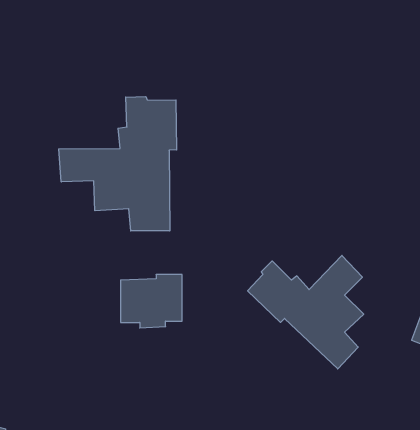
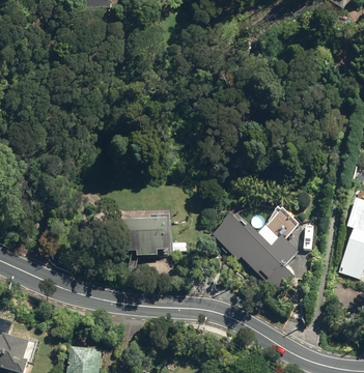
building: [59,97,177,231] -> none

